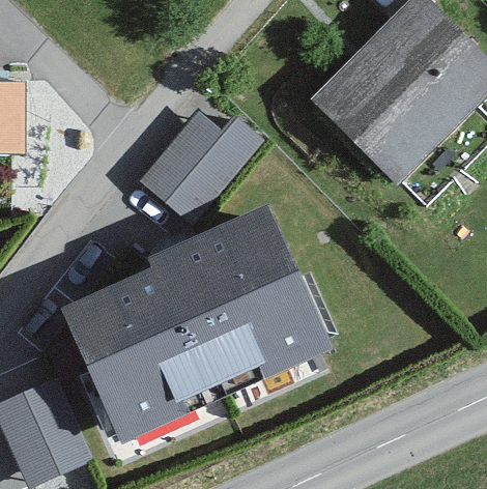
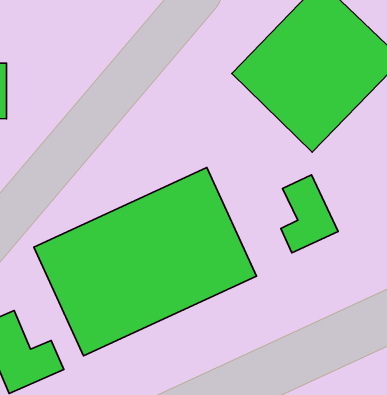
building: [143,114,265,224] -> none
building: none -> [281,175,338,253]

